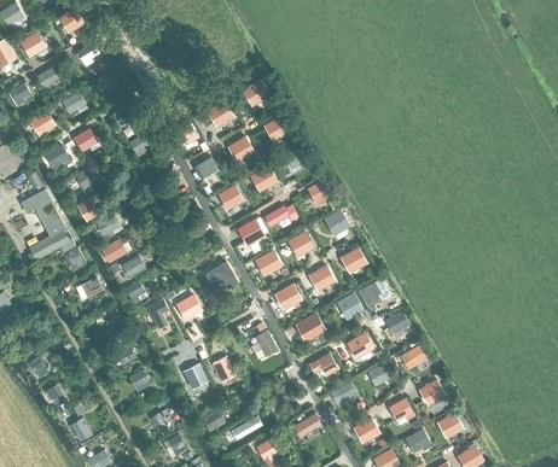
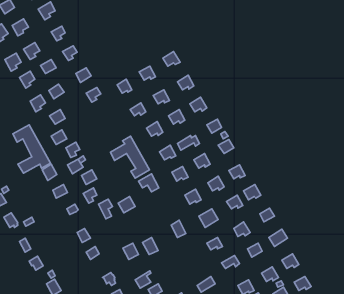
building: none -> [110,136,149,178]

